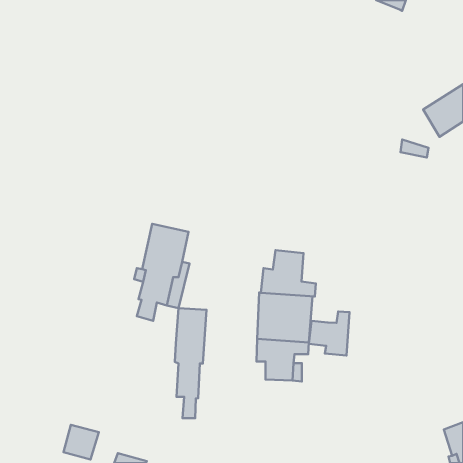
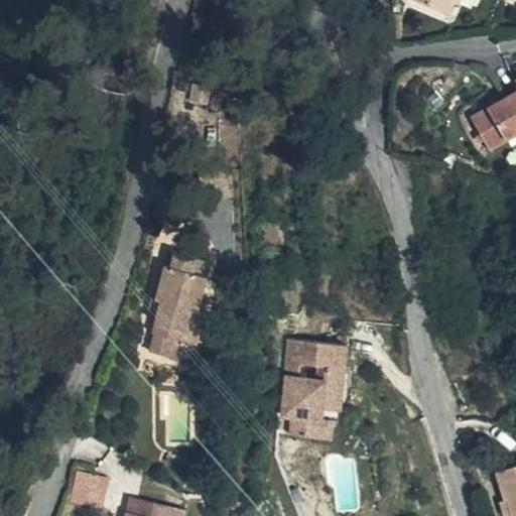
building: [261,250,316,296] -> none
building: [175,308,207,418] -> none
building: [309,311,350,356] -> none

